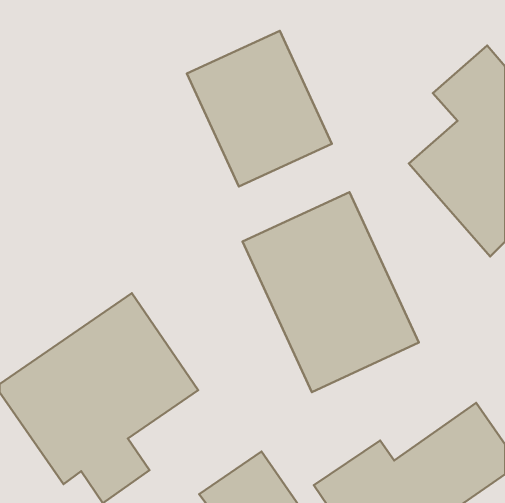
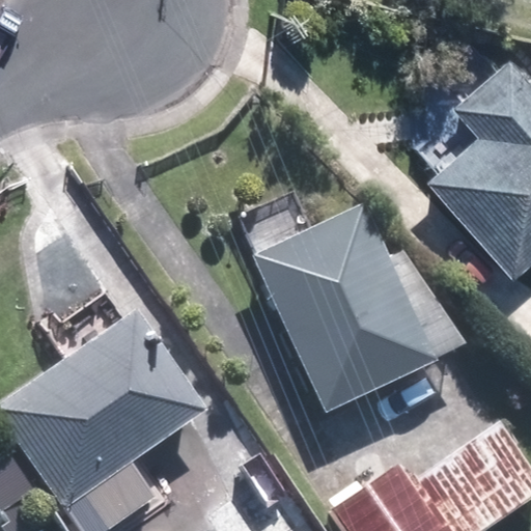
building: [187,31,332,187] -> none

